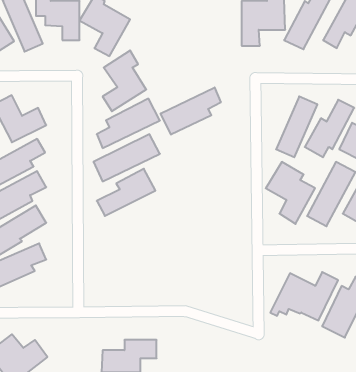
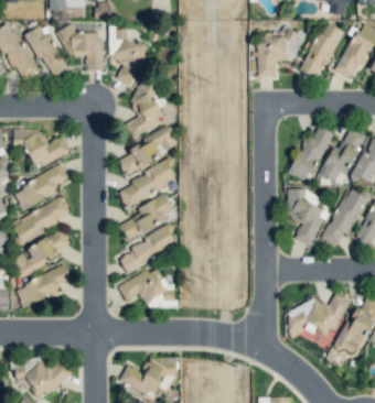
building: [161,87,221,135] -> none
building: none -> [119,226,180,272]
building: none -> [118,265,178,303]

